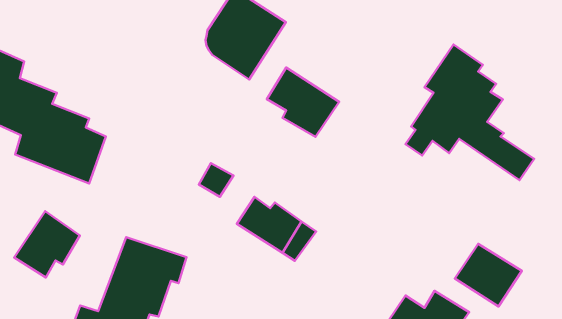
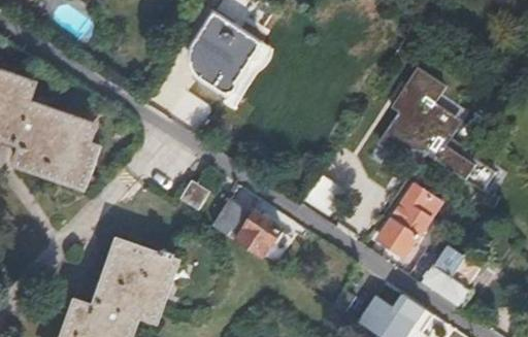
building: [267,68,339,137] -> none
building: none -> [380,180,441,248]
building: [14,211,80,278] -> none

